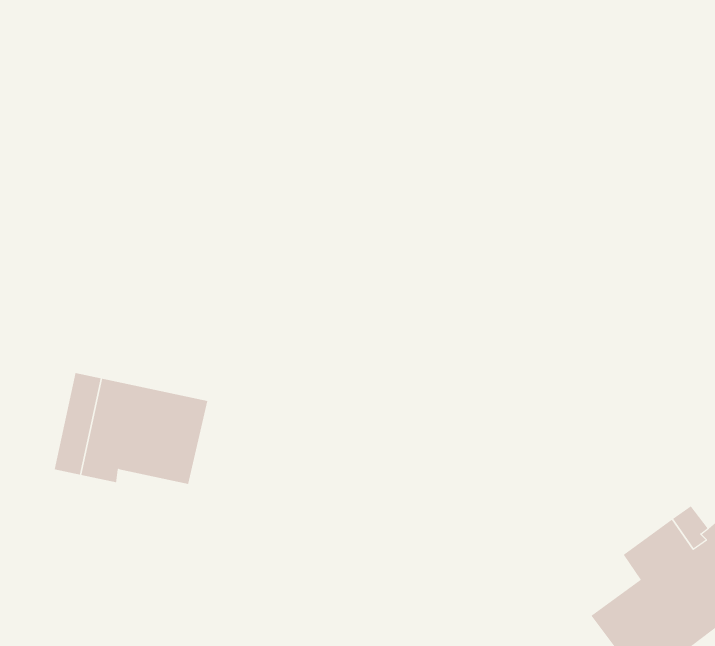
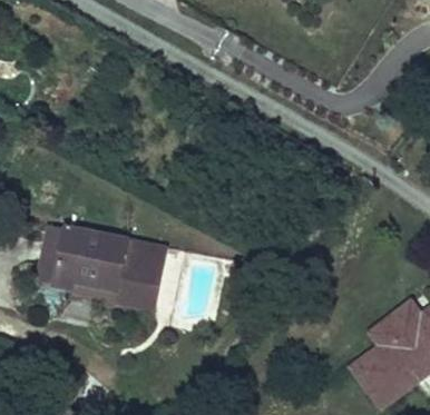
building: none -> [74,239,166,308]

